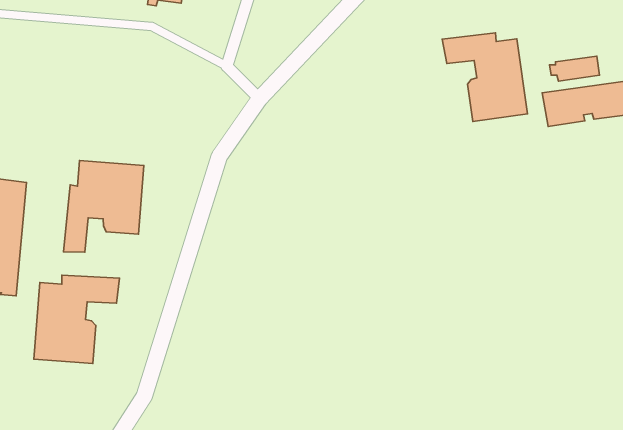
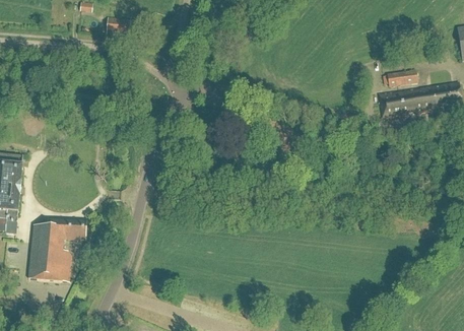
building: [442,33,527,122] -> none
building: [64,160,144,252] -> none

